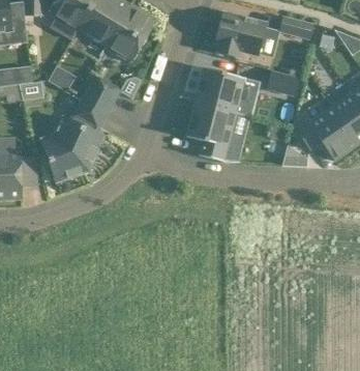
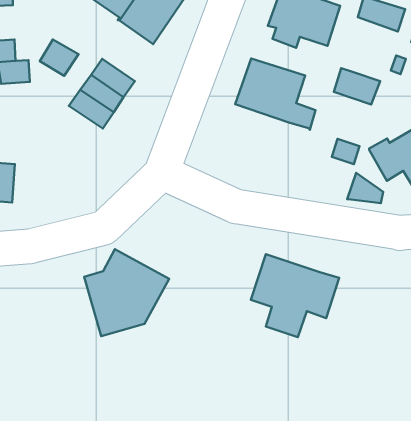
building: [186,102,249,161] -> [251,254,339,337]
building: [41,117,103,181] -> [84,249,169,336]

